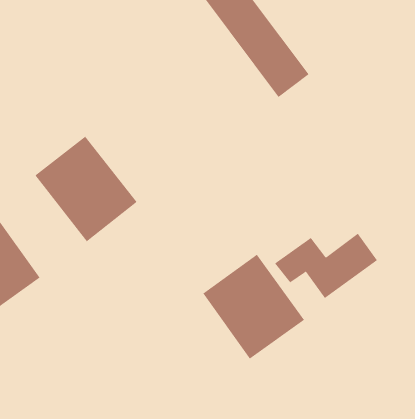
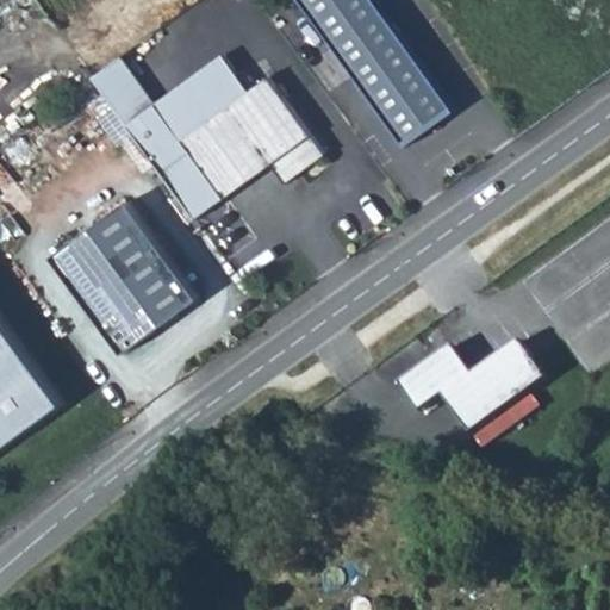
building: none -> [87,54,323,222]
building: [203,254,305,359] -> none

